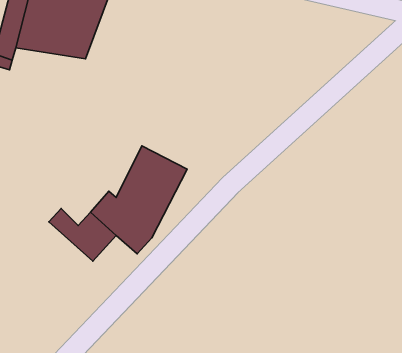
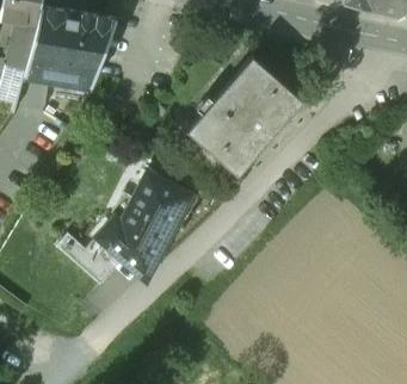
building: none -> [187,57,302,174]

